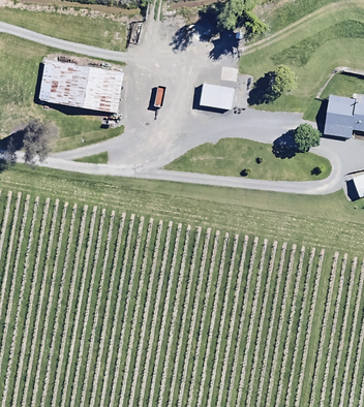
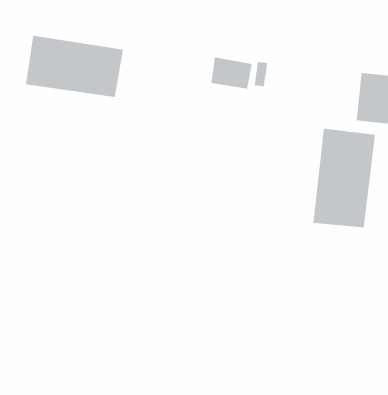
building: none -> [313,128,376,228]

